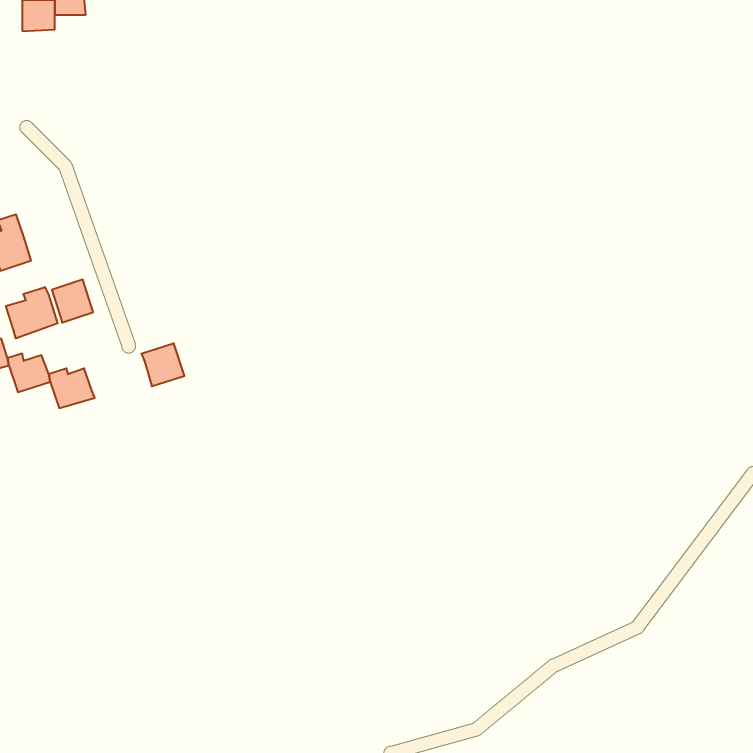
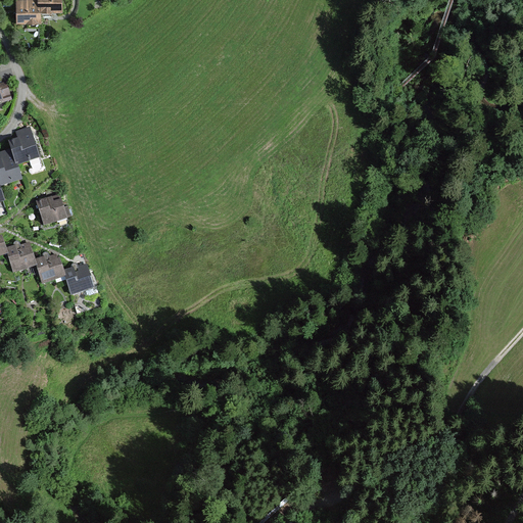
building: none -> [8,127,40,163]
building: [6,287,58,338] -> none
building: [141,343,184,386] -> [63,263,93,292]

